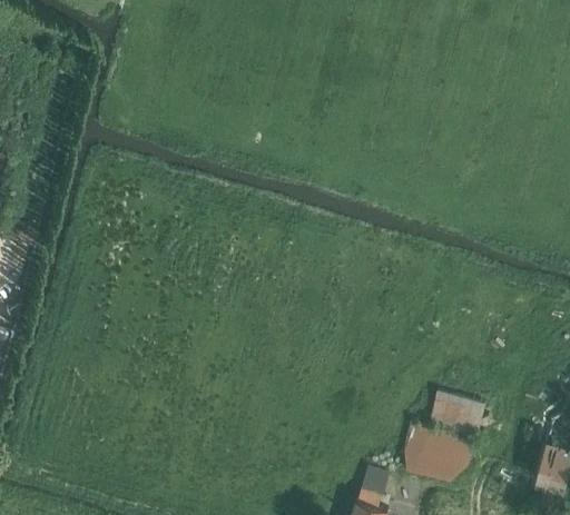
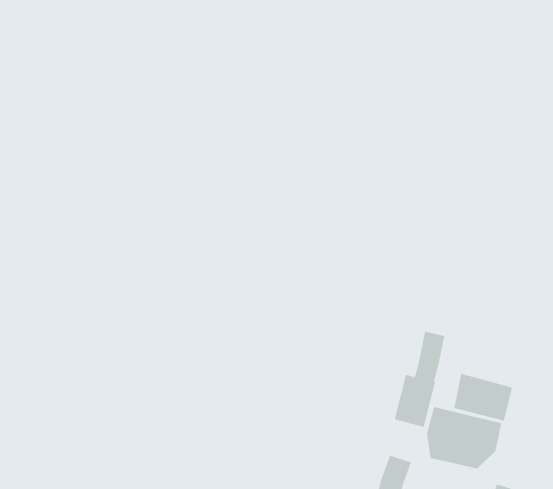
building: none -> [394,331,445,428]

